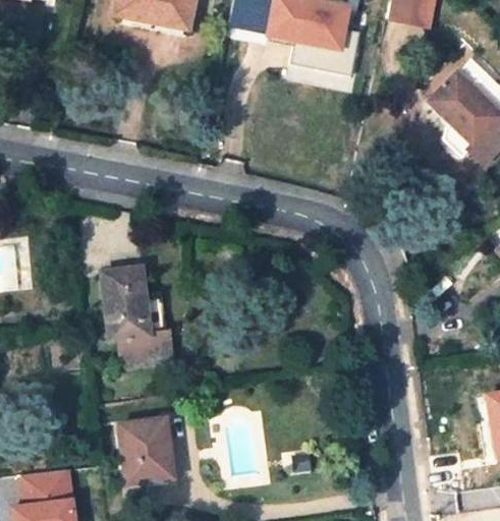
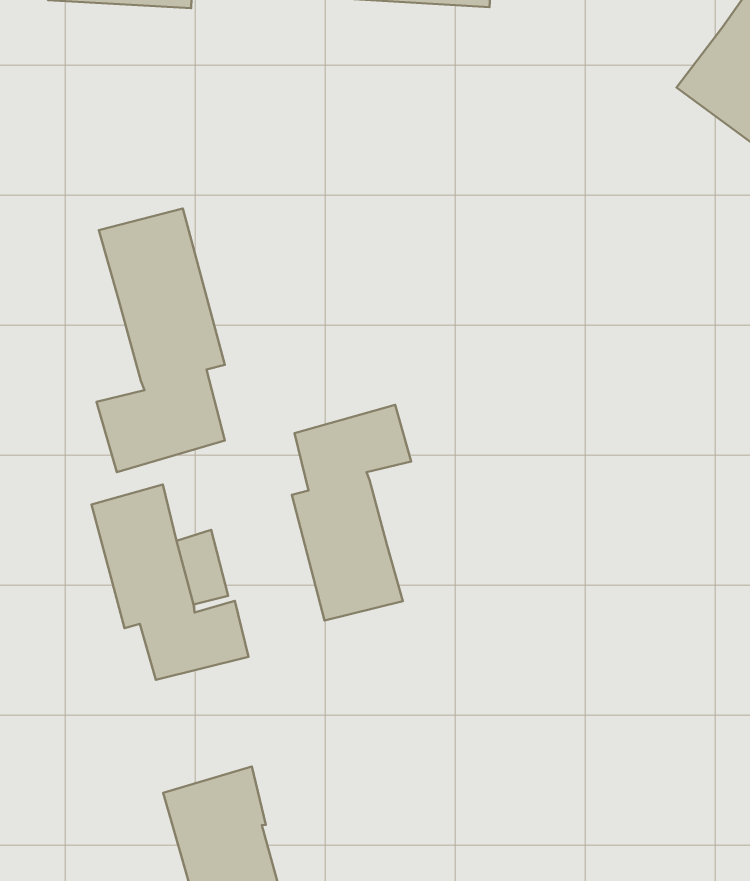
building: none -> [96,209,225,472]
building: none -> [292,405,411,621]

